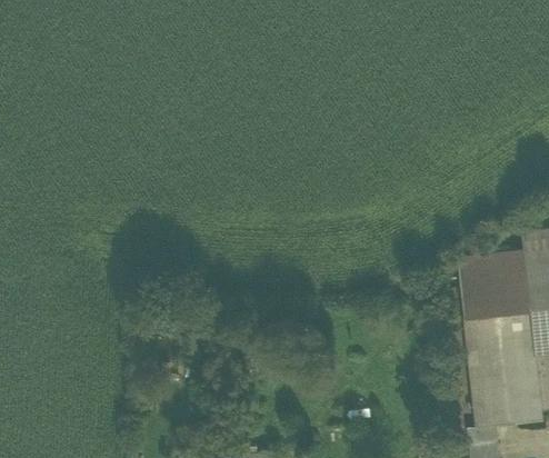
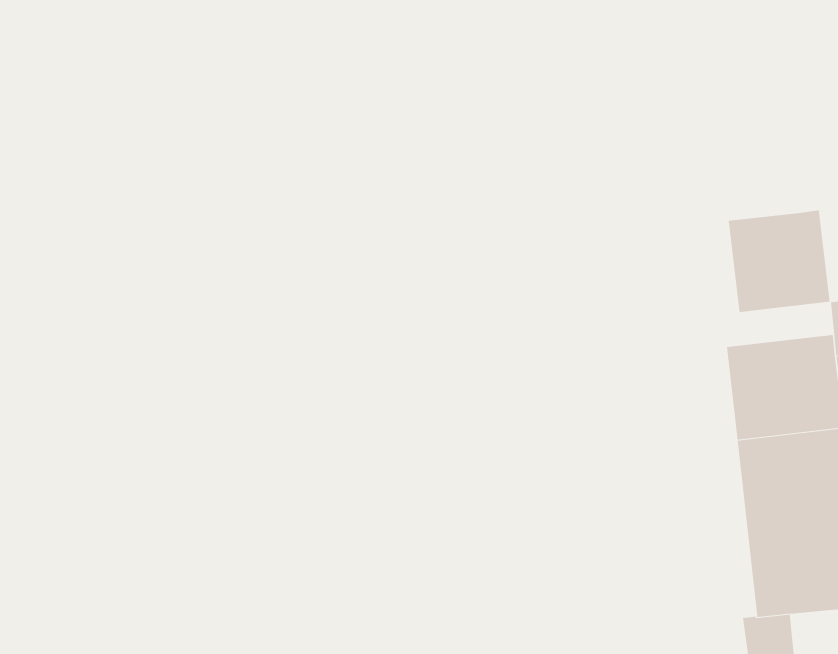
building: none -> [728,210,830,313]

